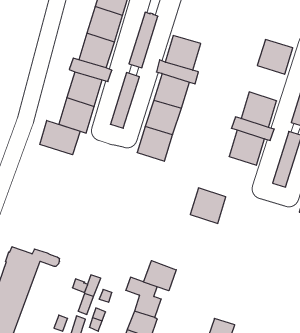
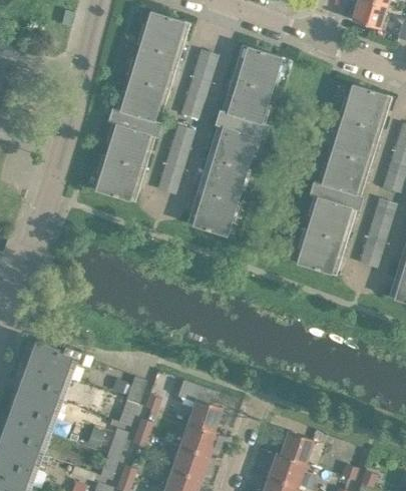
building: none -> [237,47,281,90]
building: none -> [331,117,375,161]
building: [40,120,80,155] -> none
building: [190,188,226,223] -> [296,230,340,275]
building: [144,261,176,291] -> none

